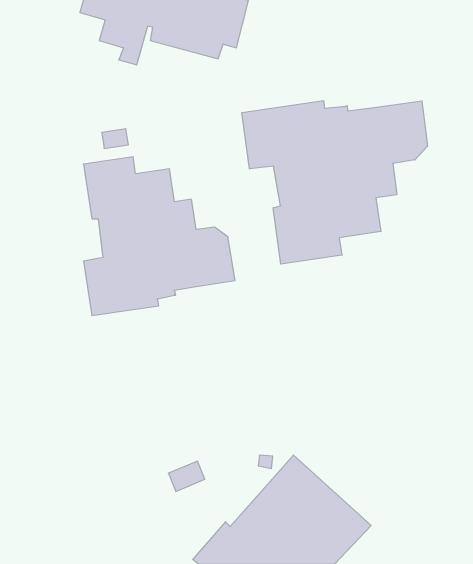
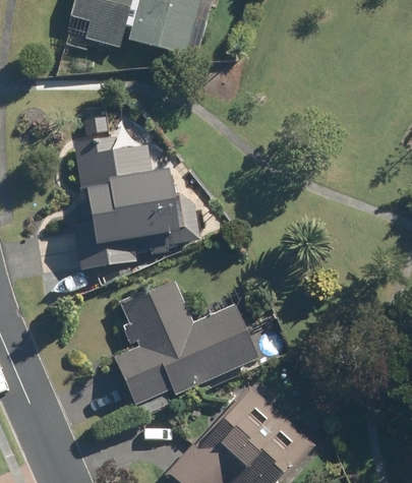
building: [242,101,428,264] -> none
building: none -> [114,280,256,404]

